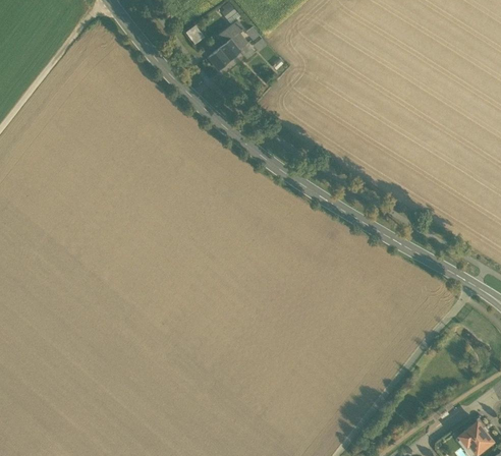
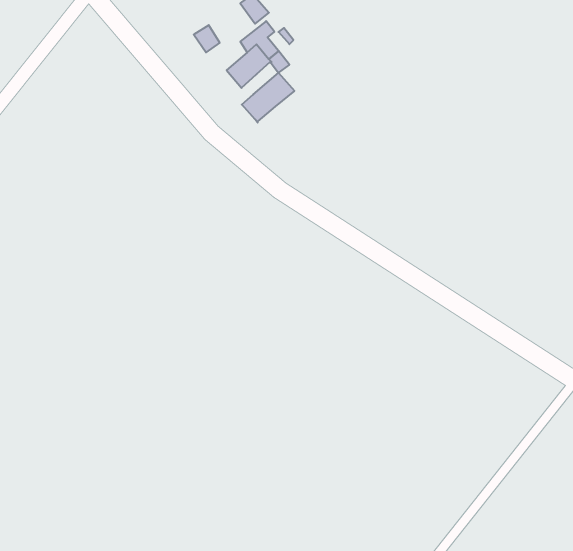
building: none -> [242,73,294,123]

